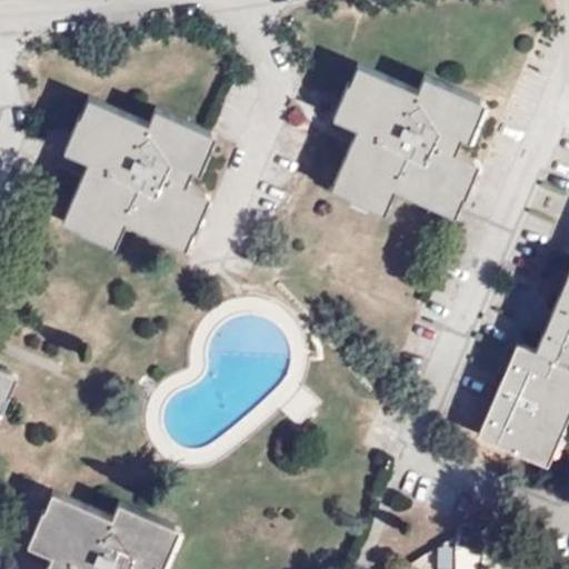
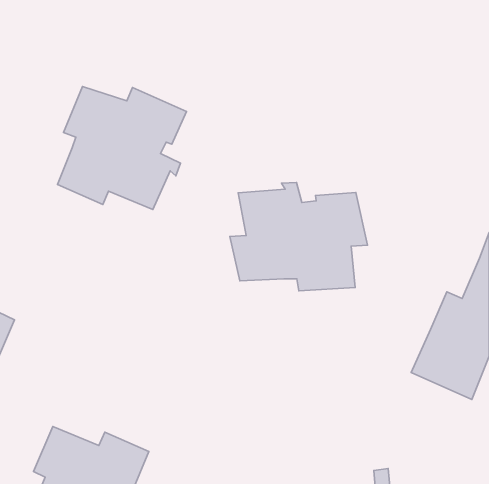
building: [331,67,485,218] -> none
building: none -> [230,183,368,291]

